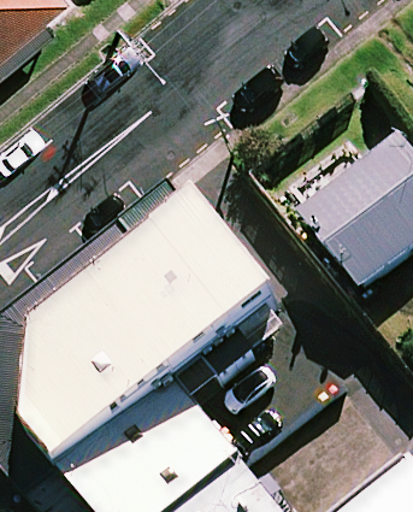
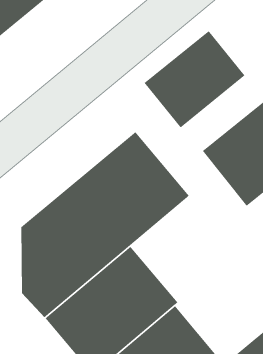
building: none -> [144,30,246,128]

